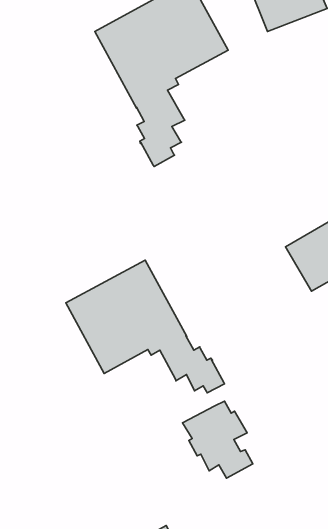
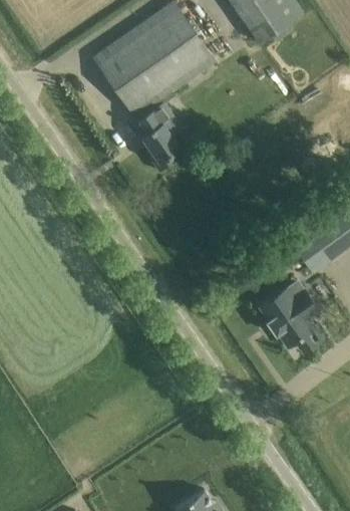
building: [66,260,224,393] -> none
building: [183,401,253,478] -> [261,283,327,351]

